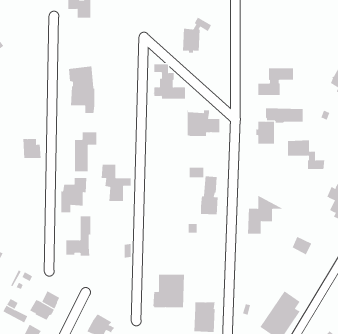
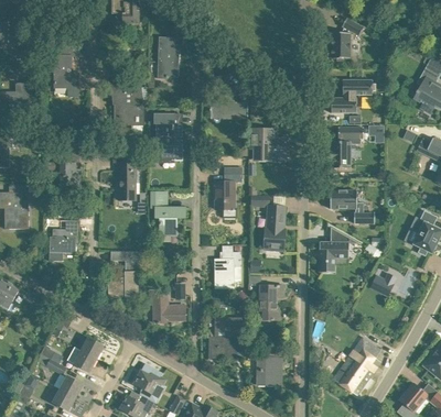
building: [182,17,212,53] -> [329,19,363,61]
building: none -> [157,37,182,78]
building: none -> [53,42,77,96]
building: none -> [154,114,183,160]
building: [287,140,325,169] -> [330,189,374,223]
building: none -> [214,174,241,217]
building: [61,177,87,213] -> [49,220,79,261]
building: none -> [214,252,240,287]
building: none -> [259,285,283,319]
building: none -> [149,290,184,322]

